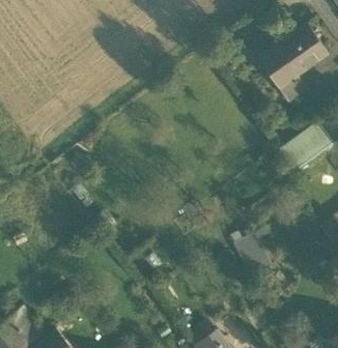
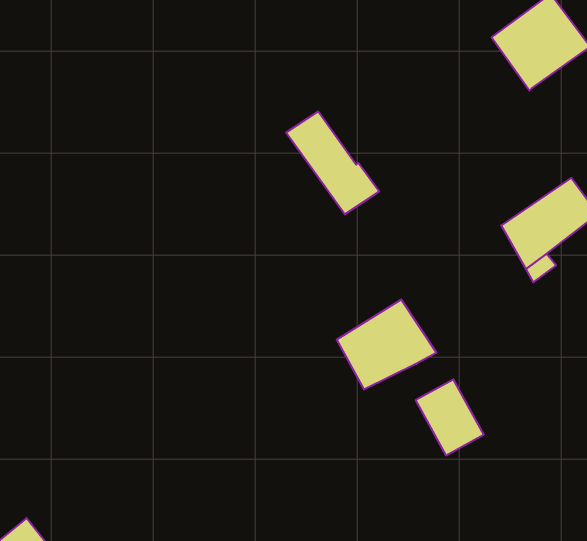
building: [257,49,308,105] -> [286,112,379,214]
building: none -> [337,299,436,390]

